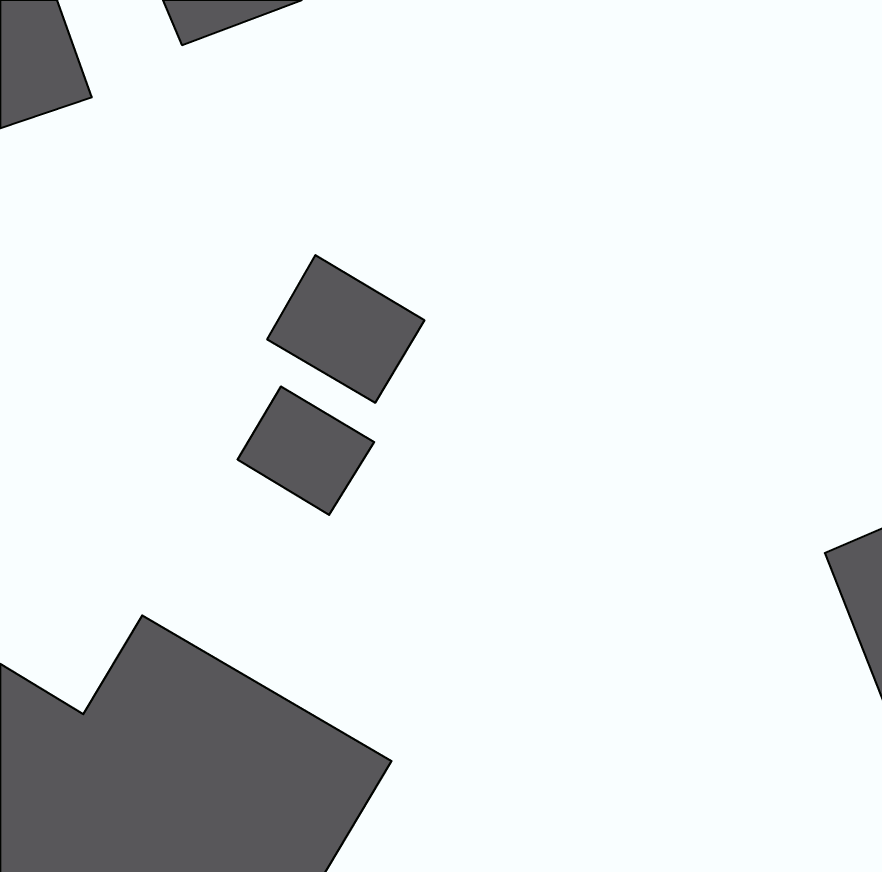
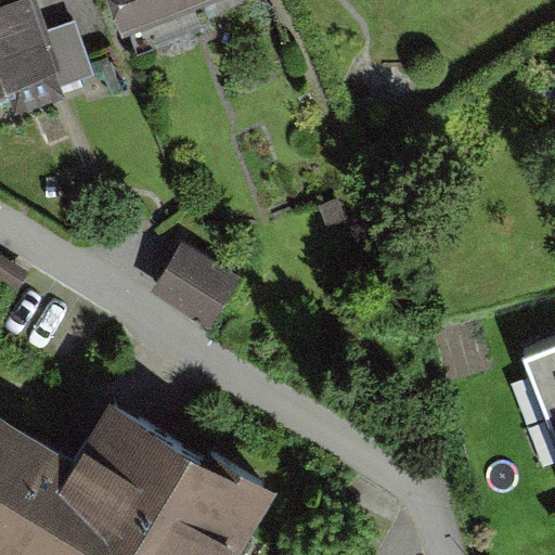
building: [267,255,424,403] -> none

